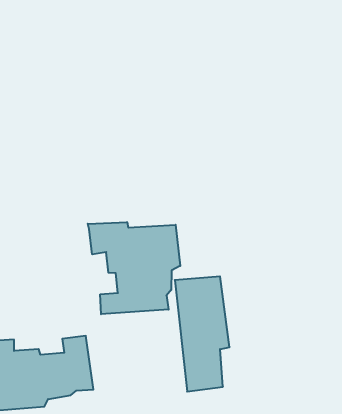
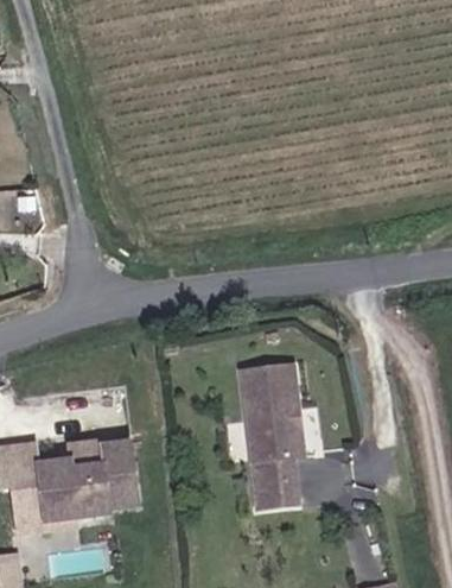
building: [88,222,180,314] -> none

